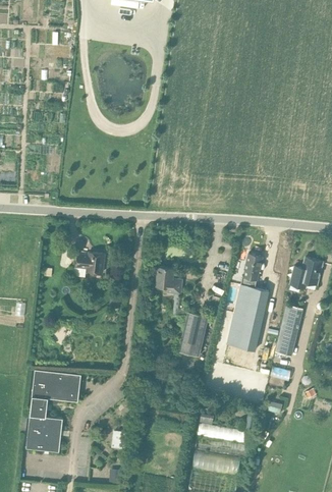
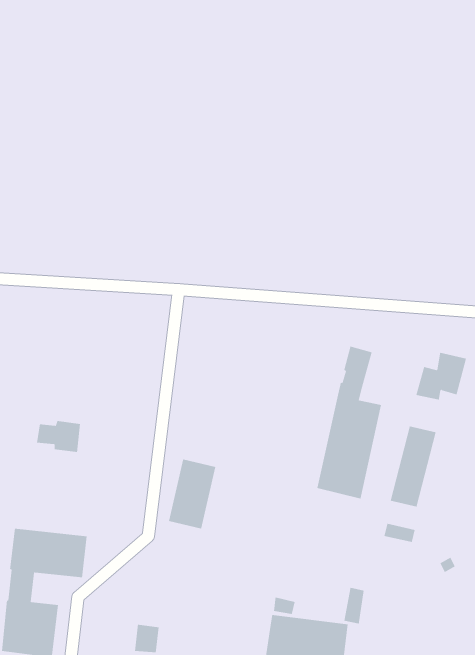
building: [76,253,105,273] -> [36,421,81,453]
building: [156,268,182,294] -> none
building: [178,312,209,357] -> [168,459,216,529]

